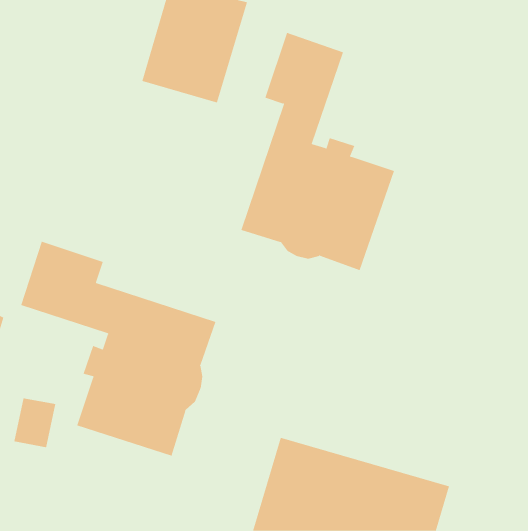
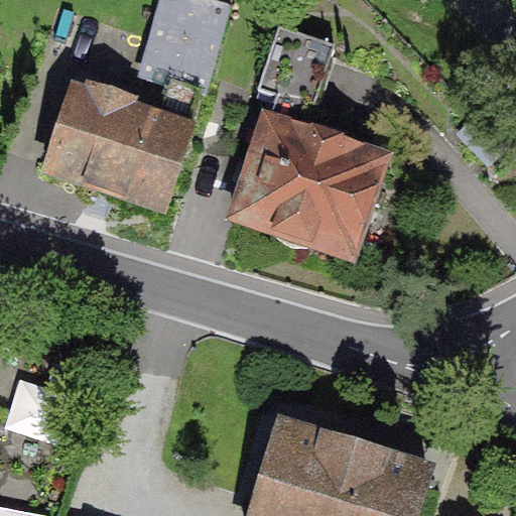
building: none -> [42,71,183,197]
building: [21,241,216,456] -> none

